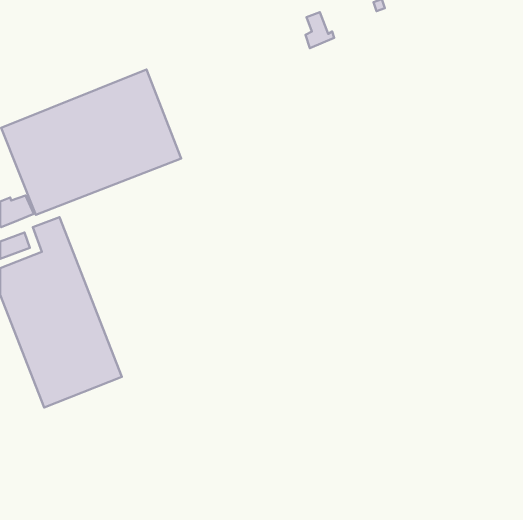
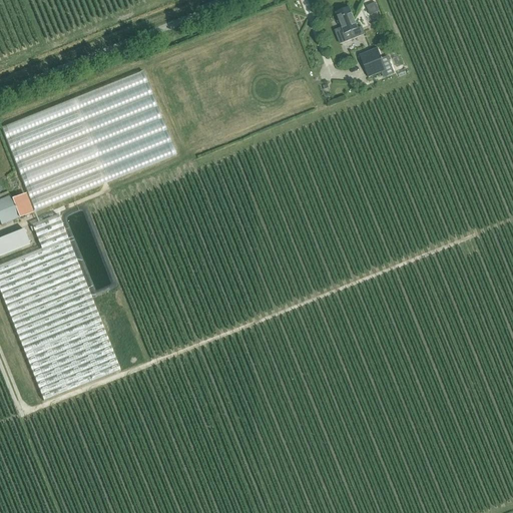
building: [306,12,334,48] -> [335,6,363,41]
building: none -> [359,45,394,75]

